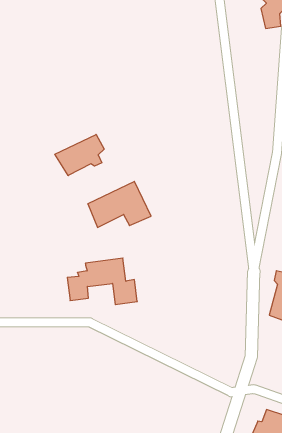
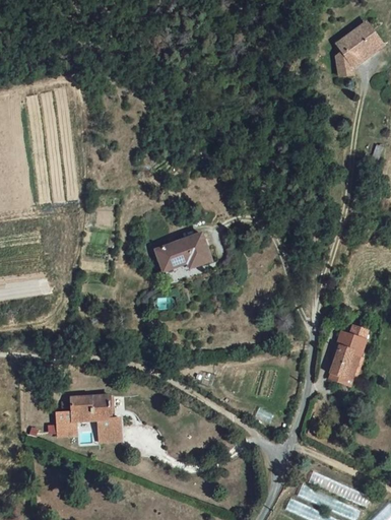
building: [55,134,104,176] -> none
building: [67,258,137,305] -> [46,393,117,441]

